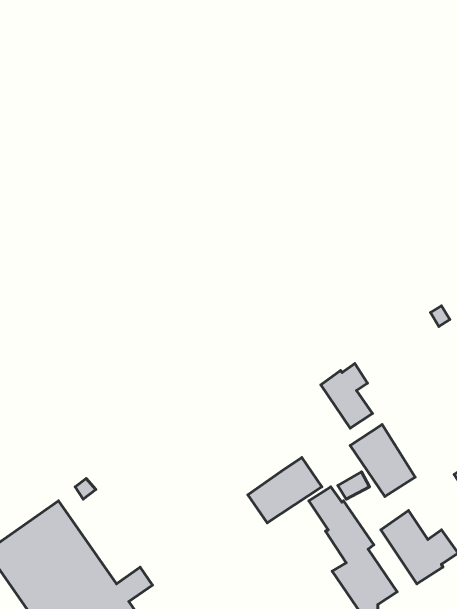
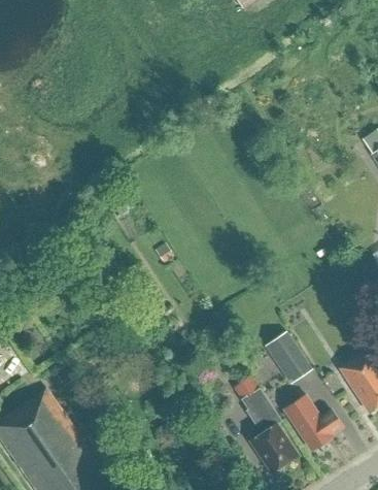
building: [321,364,372,428] -> none
building: [248,457,322,523] -> none

